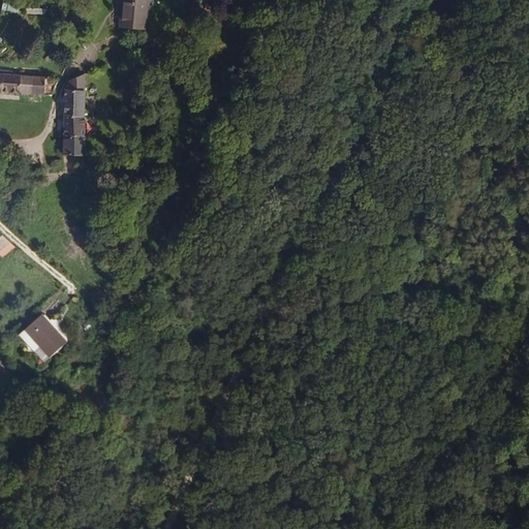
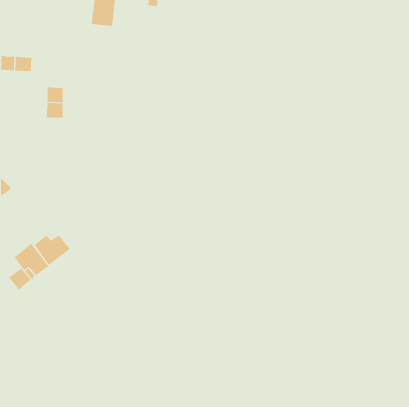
building: [63,72,86,113] -> none
building: none -> [34,234,71,266]
building: none -> [9,268,31,291]

